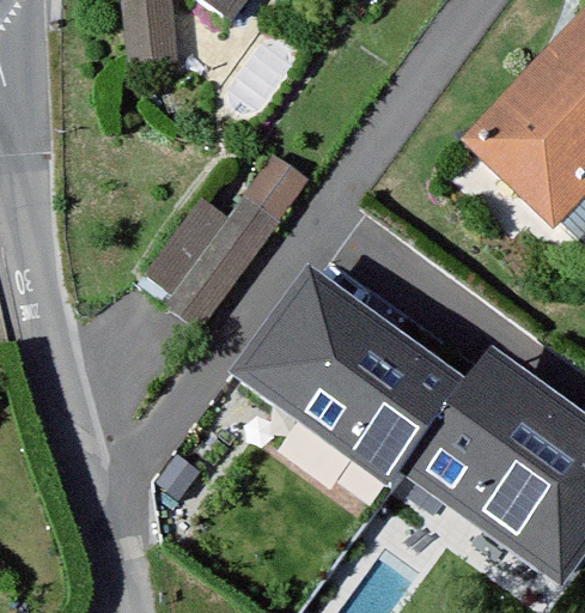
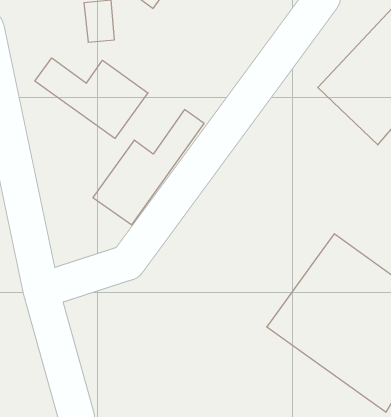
building: none -> [35,58,148,138]
building: [232,263,468,488] -> none

